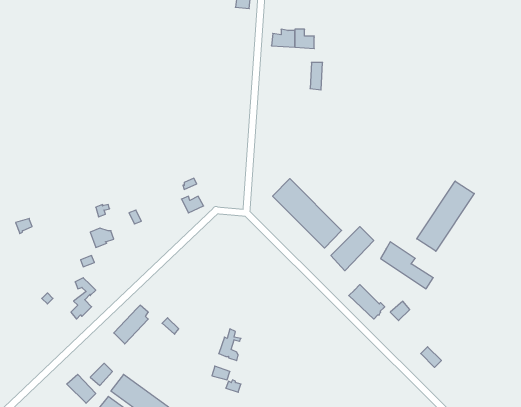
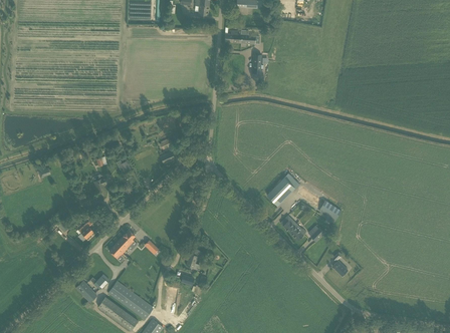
building: [273,179,342,248] -> none
building: [417,181,474,251] -> none

